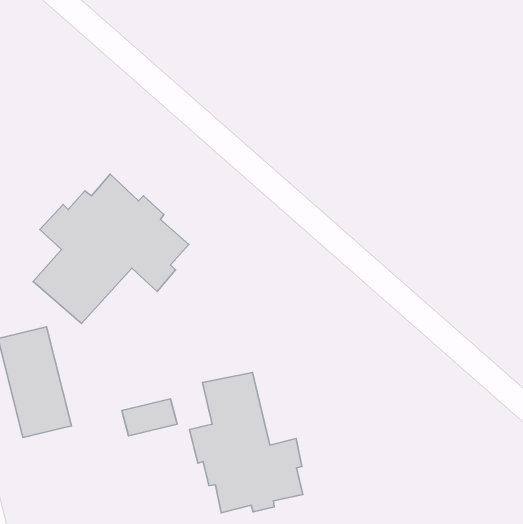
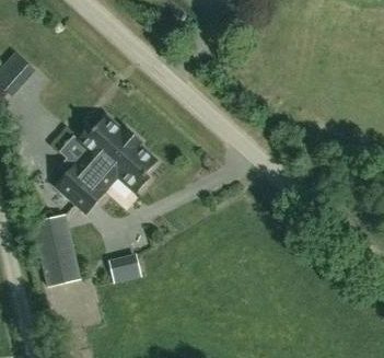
building: [189,372,303,513] -> none

